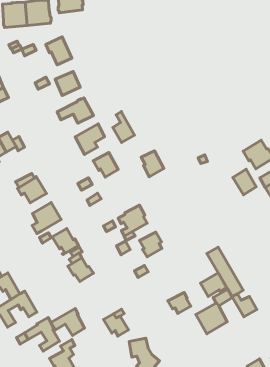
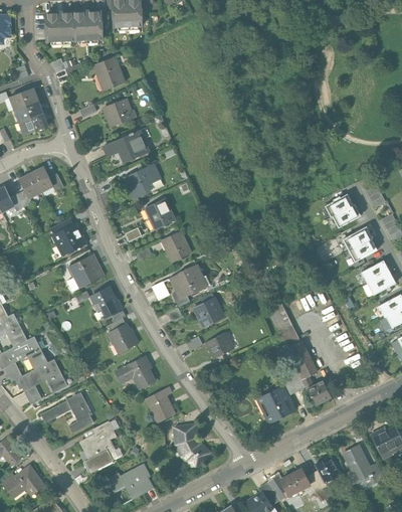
building: [113,111,135,143] -> none
building: [141,151,164,177] -> [164,230,190,262]
building: [233,169,256,195] -> none
building: [201,273,227,296] -> none
building: [168,292,191,314] -> [206,332,233,357]
building: [51,309,85,336] -> [115,356,155,388]

